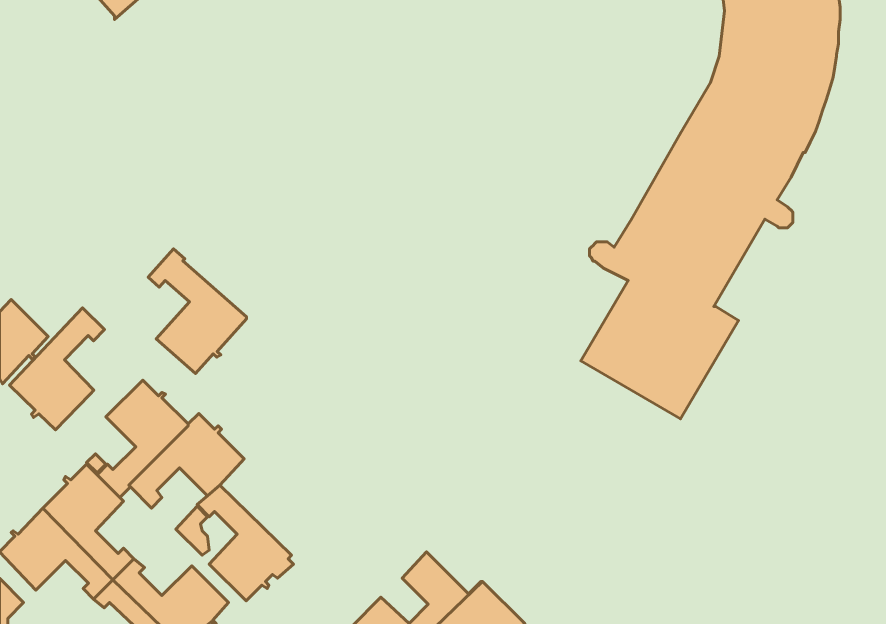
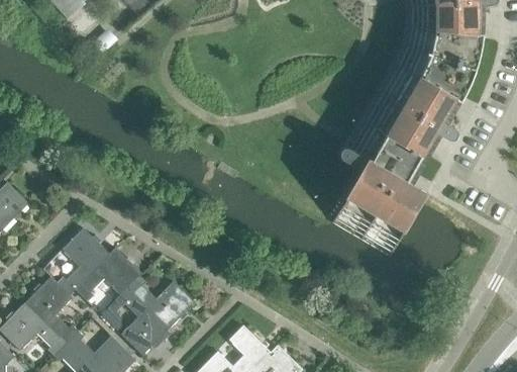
building: [148,249,246,374] -> none
building: [9,308,105,430] -> none
building: none -> [127,276,195,330]

